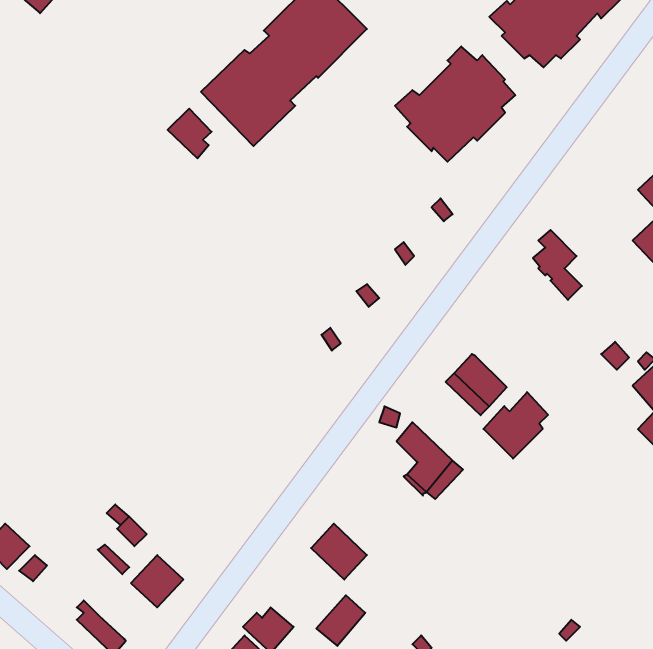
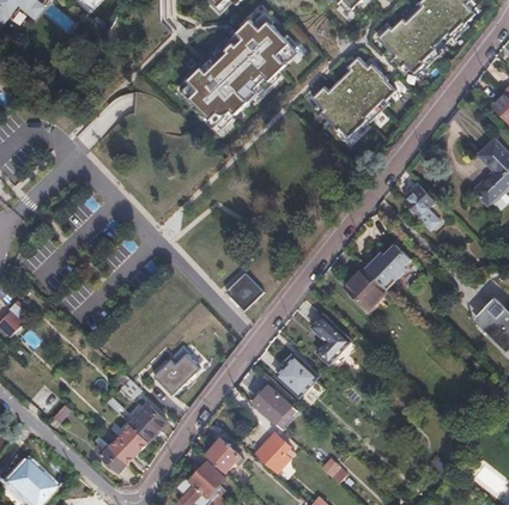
building: [168,109,212,158] -> none
building: none -> [225,273,265,312]
building: [483,392,548,459] -> [366,244,411,290]
building: none -> [154,349,199,397]
building: none -> [277,354,317,396]
building: none -> [109,425,149,463]

